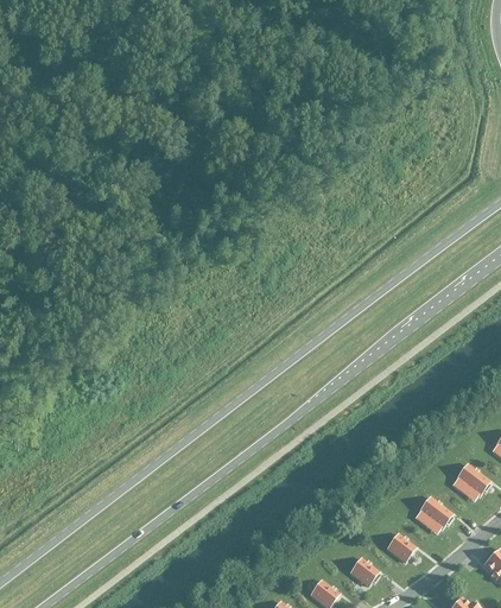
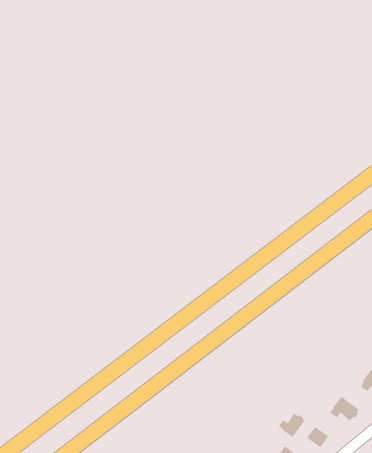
building: none -> [278,413,305,438]

